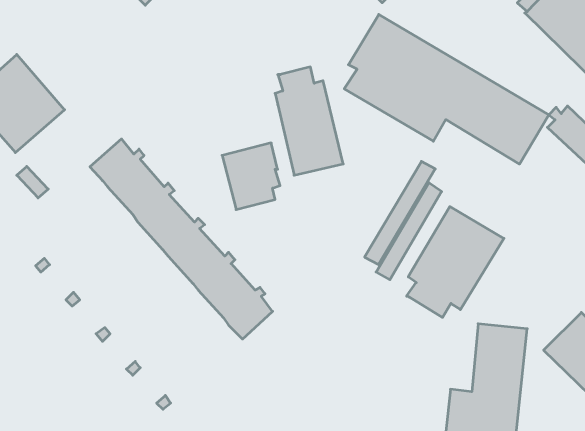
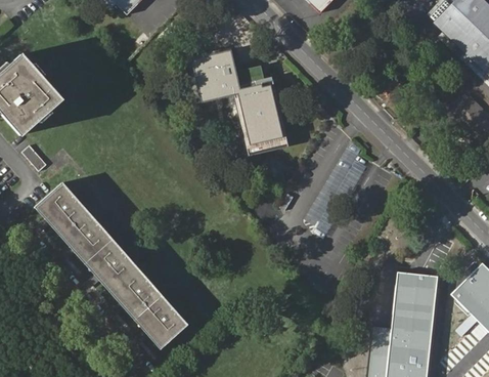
building: [344,14,549,164] -> none
building: [90,139,273,339] -> [38,183,186,346]
building: [222,143,280,210] -> [191,49,238,103]
building: [407,207,504,317] -> none

